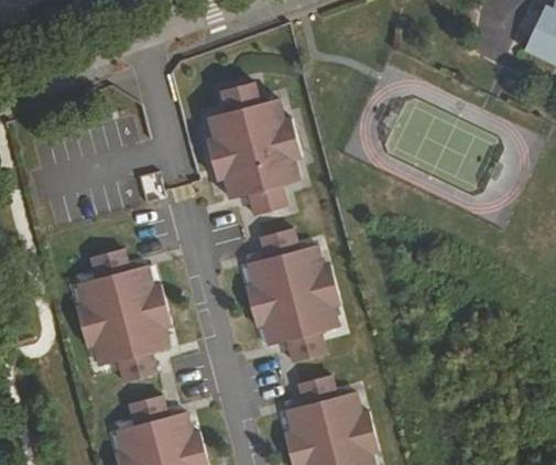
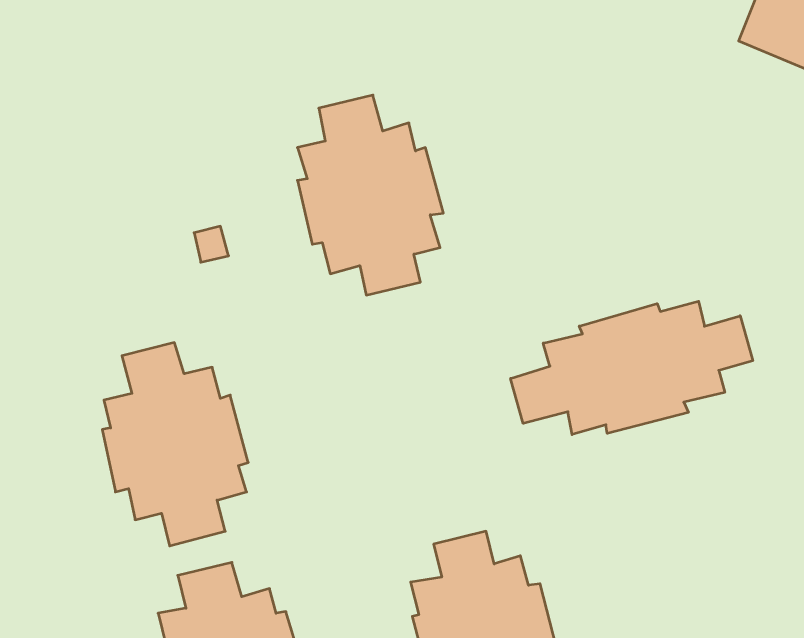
building: none -> [511,301,753,435]
building: [246,226,344,363] -> none

